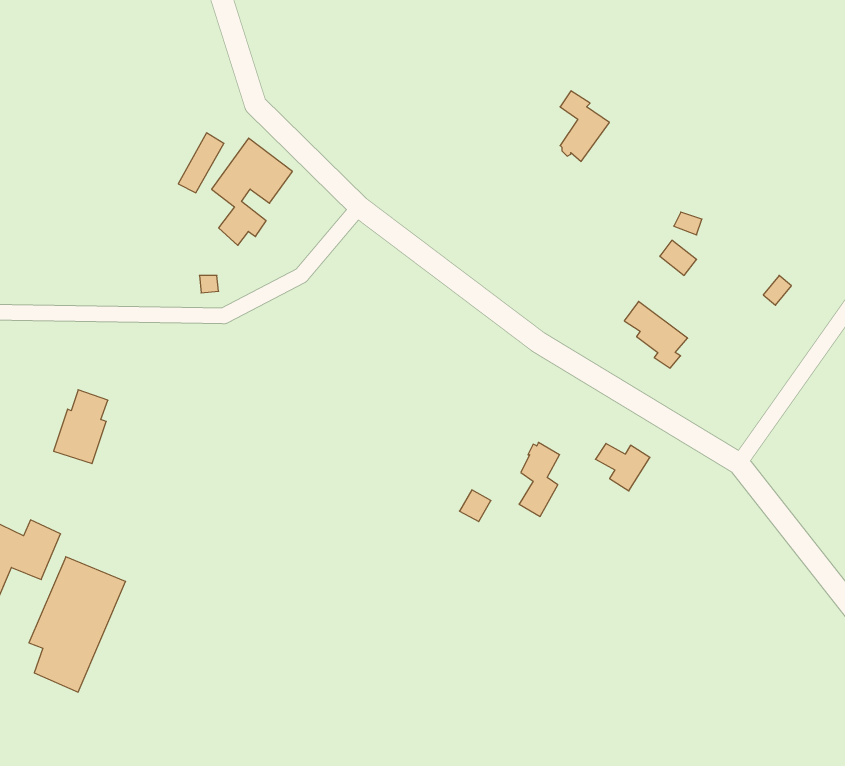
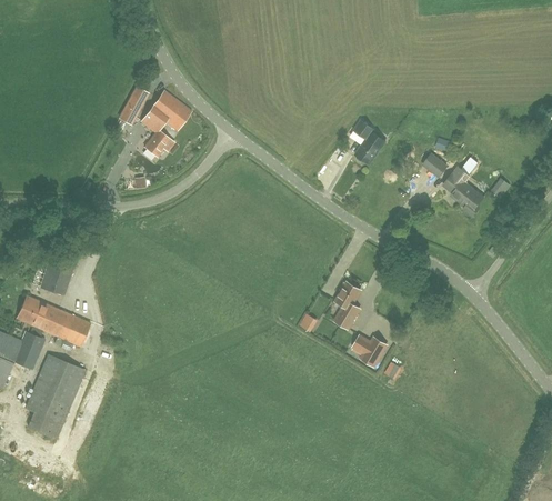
building: [560,91,609,161] -> [354,121,385,166]
building: [624,301,688,368] -> [443,173,483,216]
building: [595,443,650,491] -> [352,337,387,367]
building: none -> [16,295,90,347]

